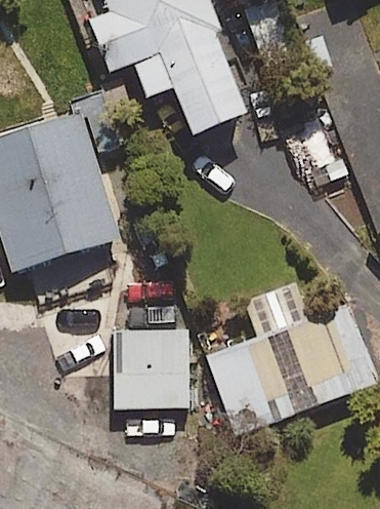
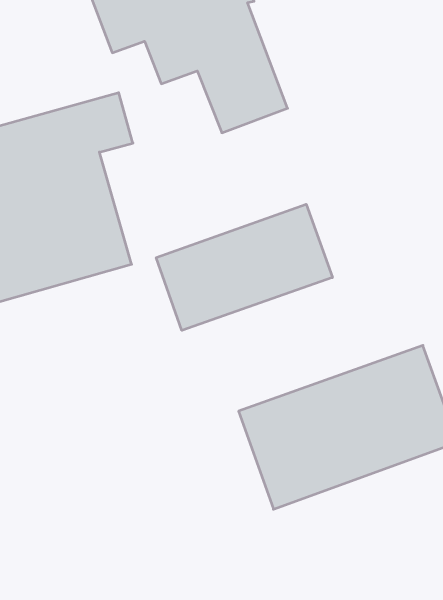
building: none -> [156,204,332,330]
building: [109,328,191,409] -> none

